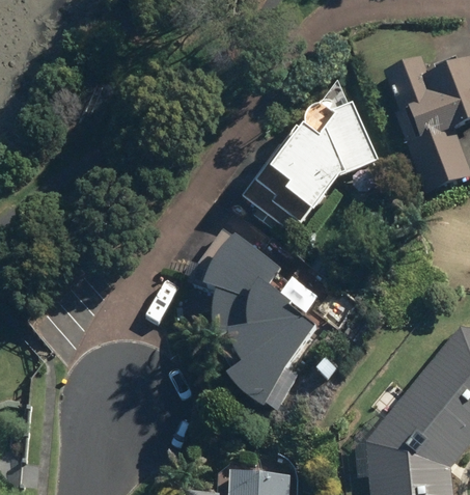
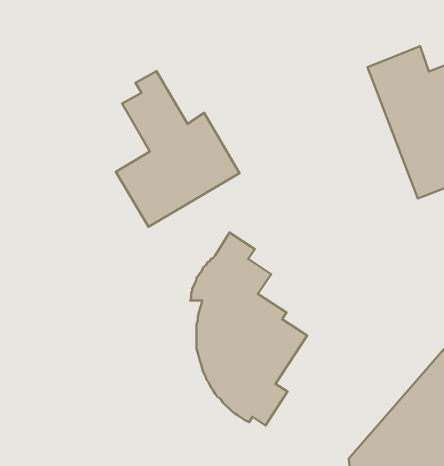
building: none -> [116,71,239,227]
building: [245,98,381,228] -> none

